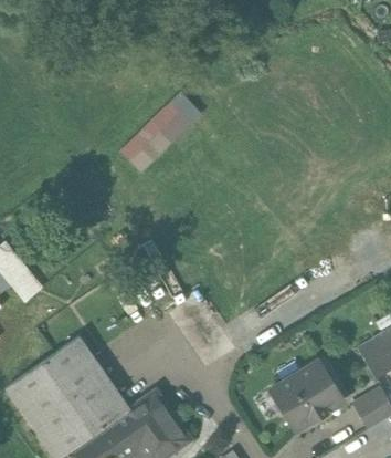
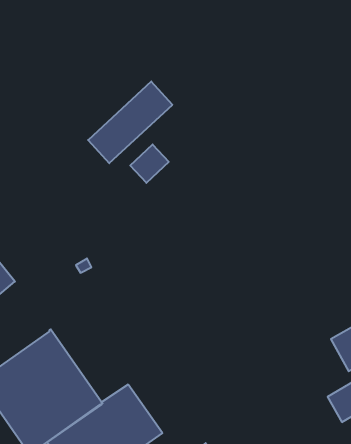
building: none -> [130,144,169,183]
building: [270,361,342,431] -> none

